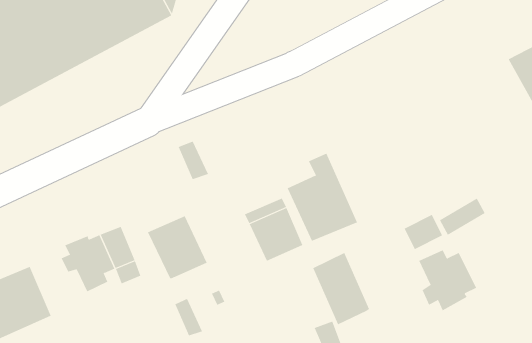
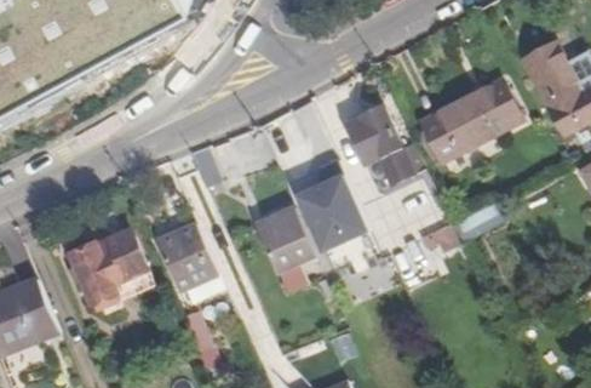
building: none -> [420,80,521,162]
building: none -> [351,108,412,178]
building: [419,249,477,311] -> none
building: [312,252,370,325] -> none

